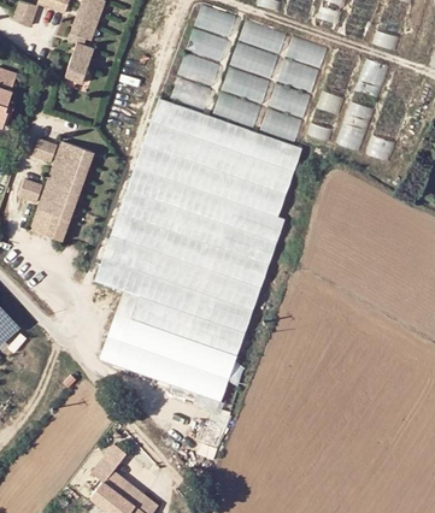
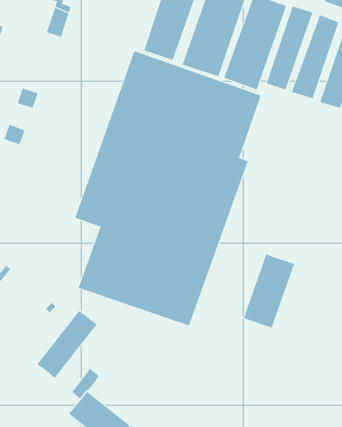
building: [30,141,92,240] -> none
building: none -> [243,253,295,328]
building: none -> [37,310,98,379]

